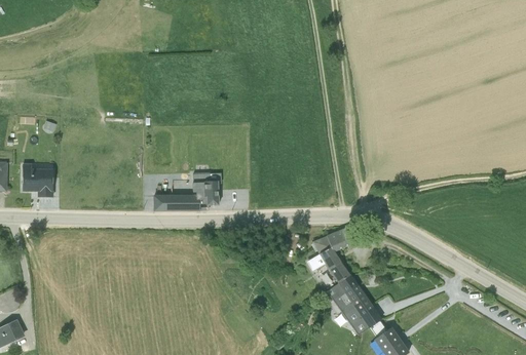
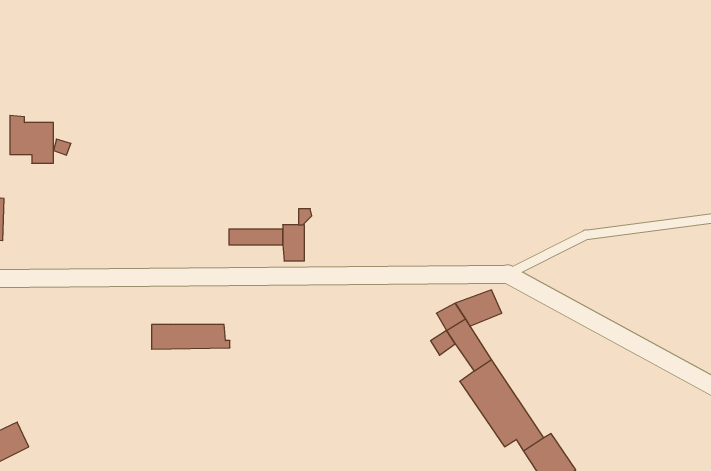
building: [21,162,51,196] -> [10,115,53,163]
building: [152,194,208,211] -> [152,325,230,349]

